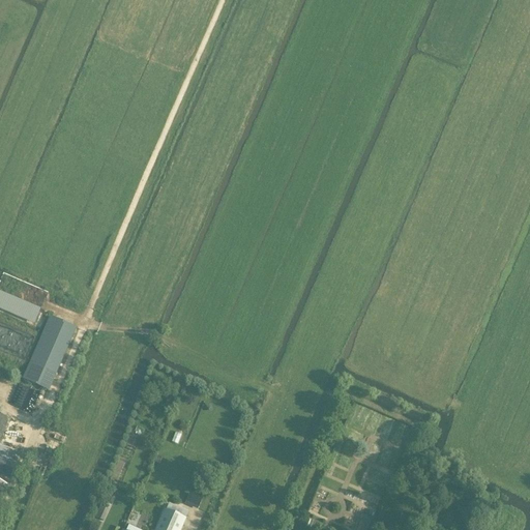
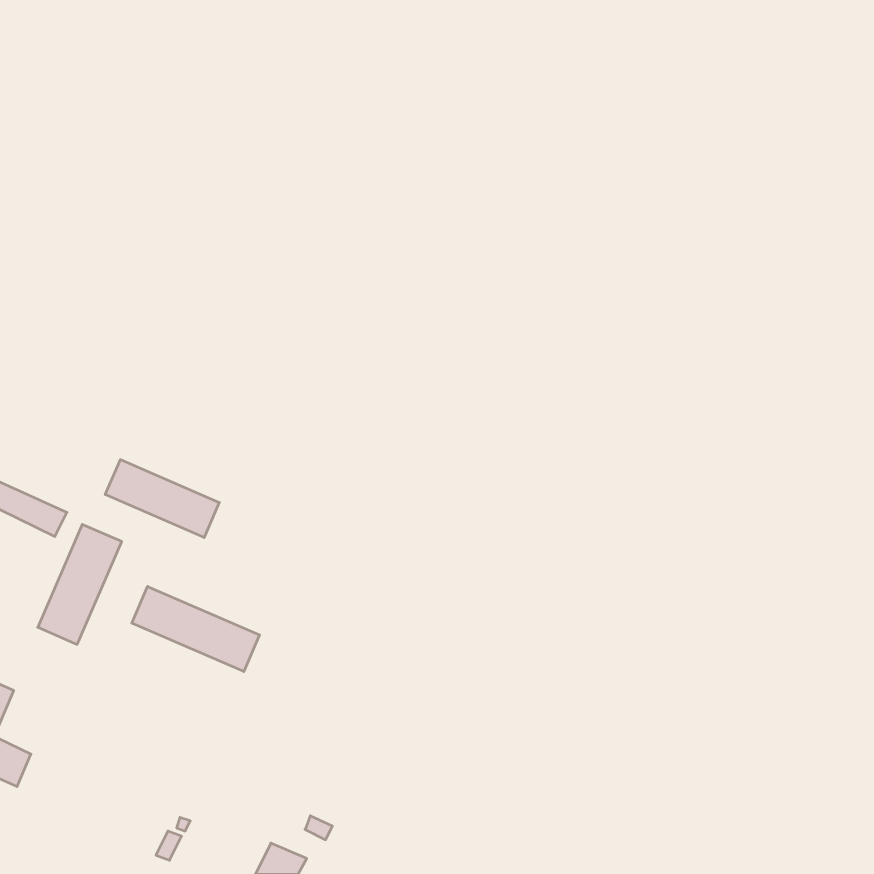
building: none -> [105,460,219,538]
building: none -> [132,586,260,672]

